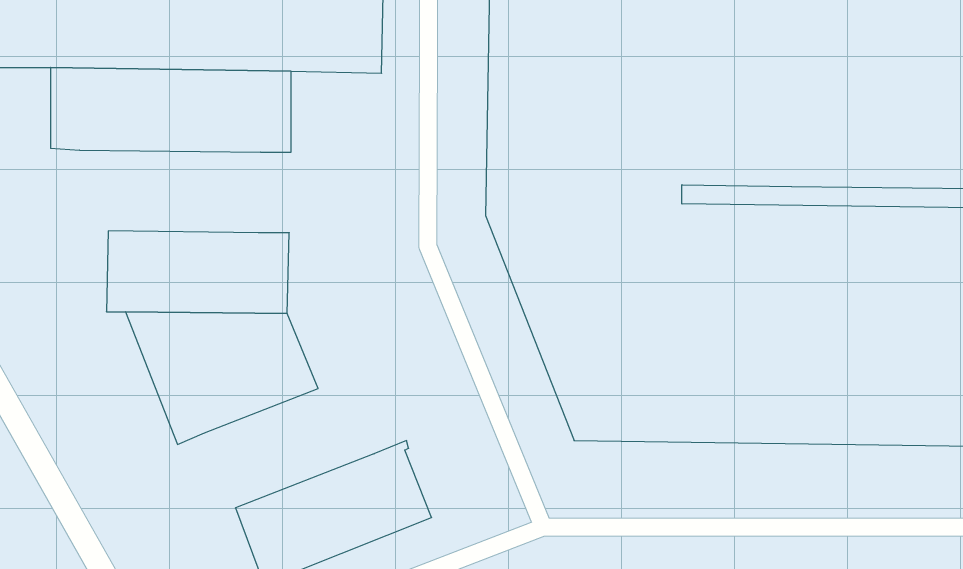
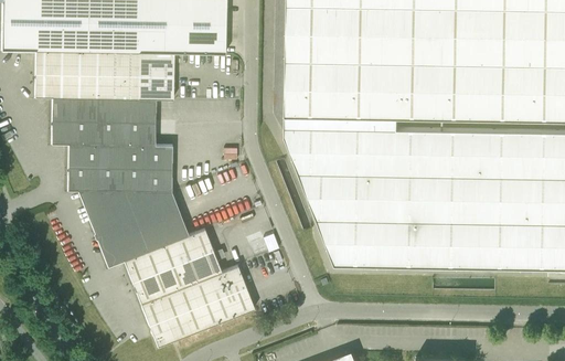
building: none -> [51,98,156,146]
building: none -> [124,230,221,304]

